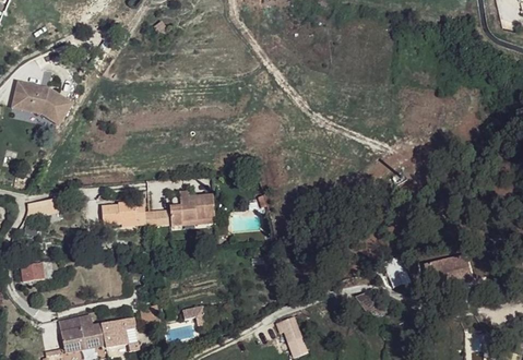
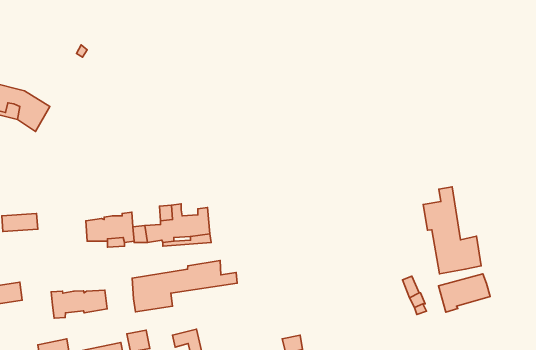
building: none -> [423,187,481,274]
building: none -> [132,261,237,312]
building: none -> [51,290,107,318]

